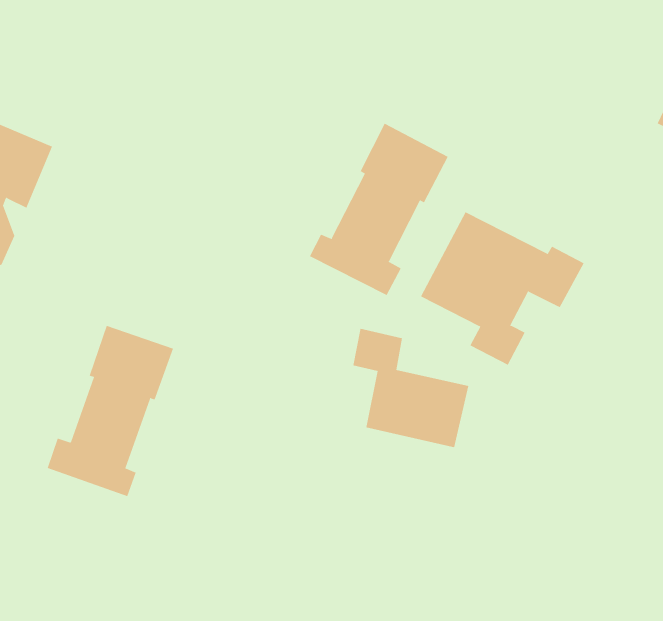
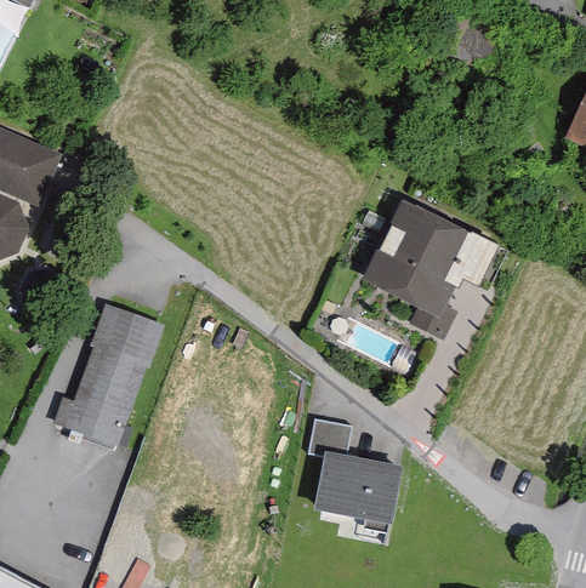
building: [309,123,449,296] -> none
building: [352,328,469,448] -> [306,418,404,519]

